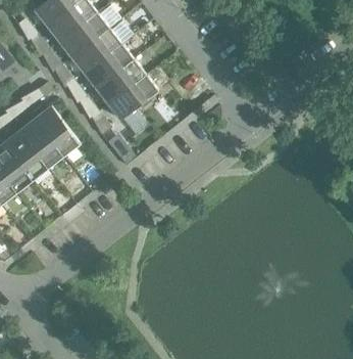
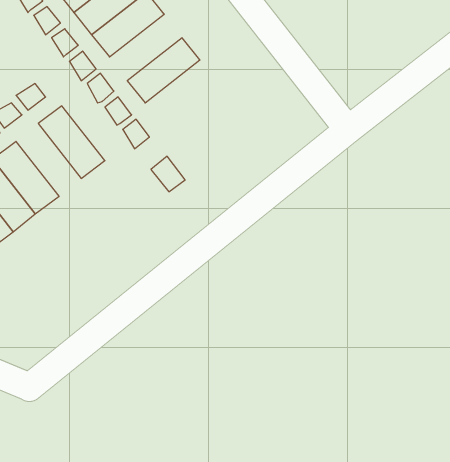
building: [84,43,134,89] -> none
building: [108,75,158,121] -> none
building: [19,119,64,169] -> none

